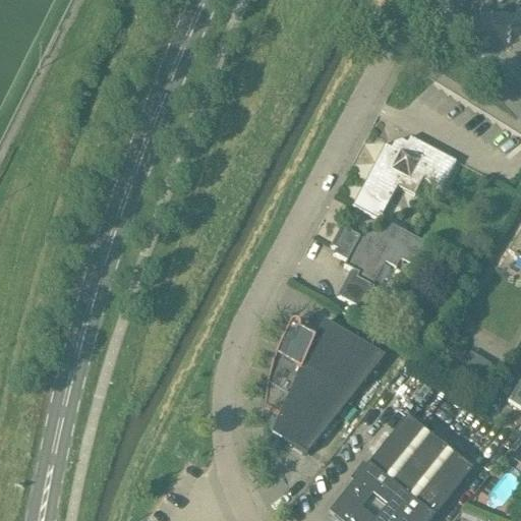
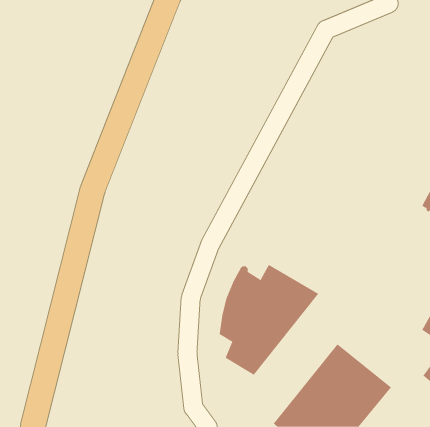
building: [354,133,459,217] -> none
building: [332,219,429,307] -> none

